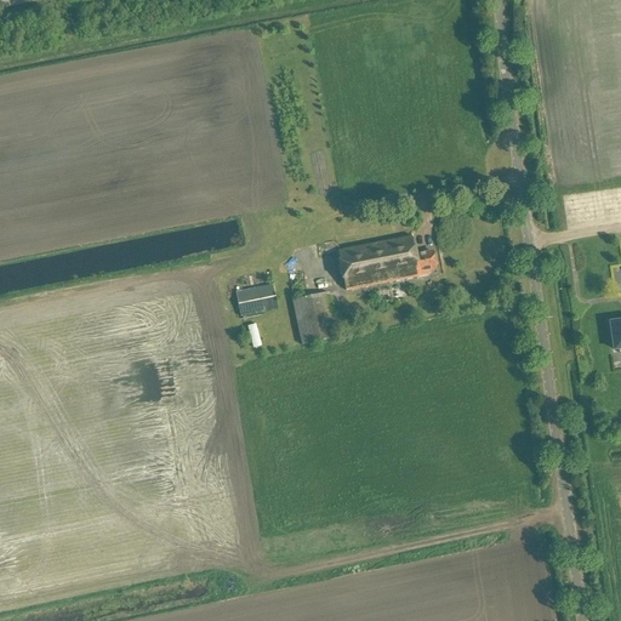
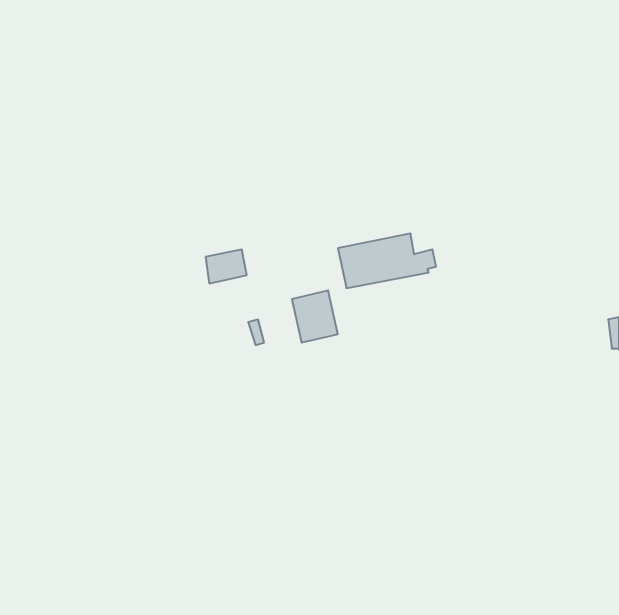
building: [237,281,278,315] -> [206,250,247,283]

